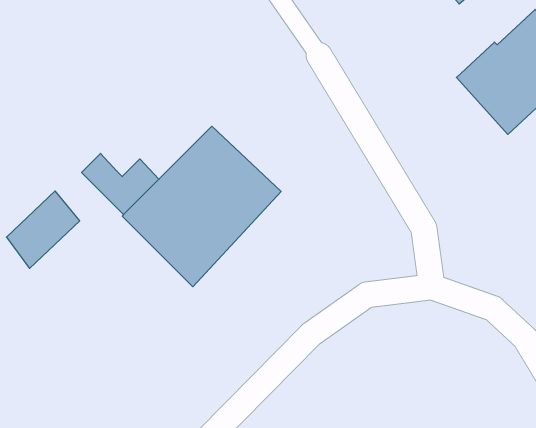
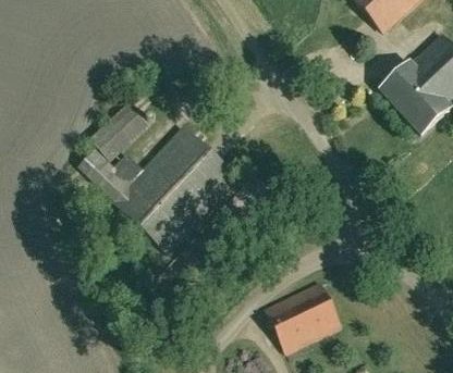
building: [6,191,80,268] -> [88,101,147,163]
building: none -> [264,282,341,353]

